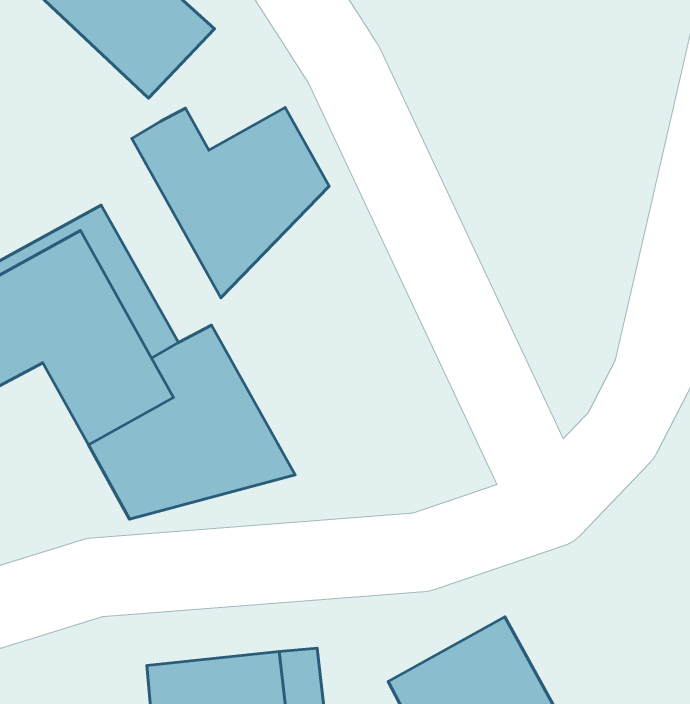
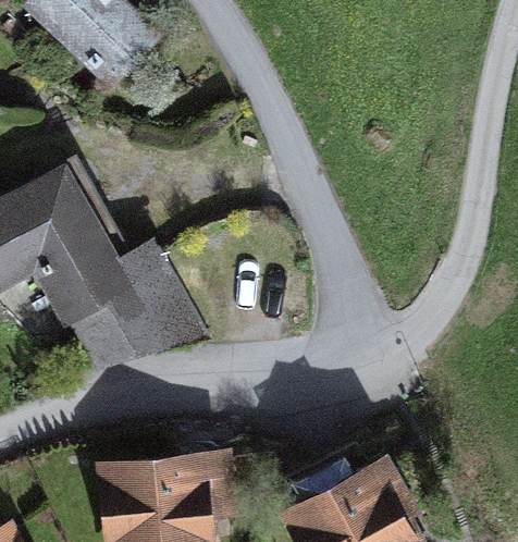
building: [132,108,329,298] -> none

